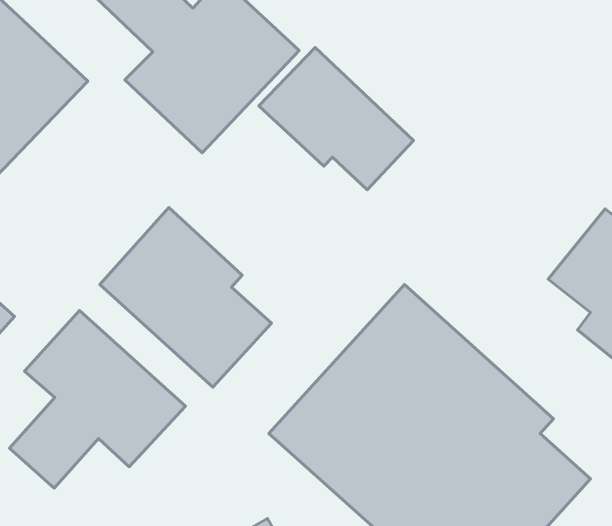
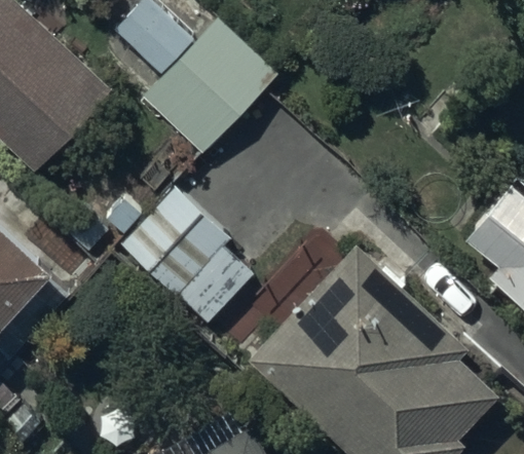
building: [259,47,413,190] -> none
building: [9,311,185,488] -> none

